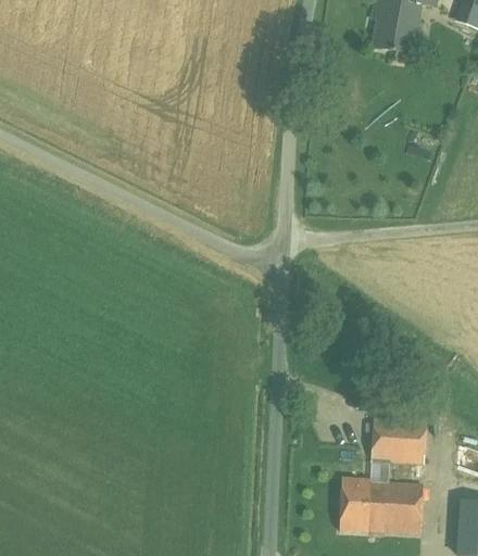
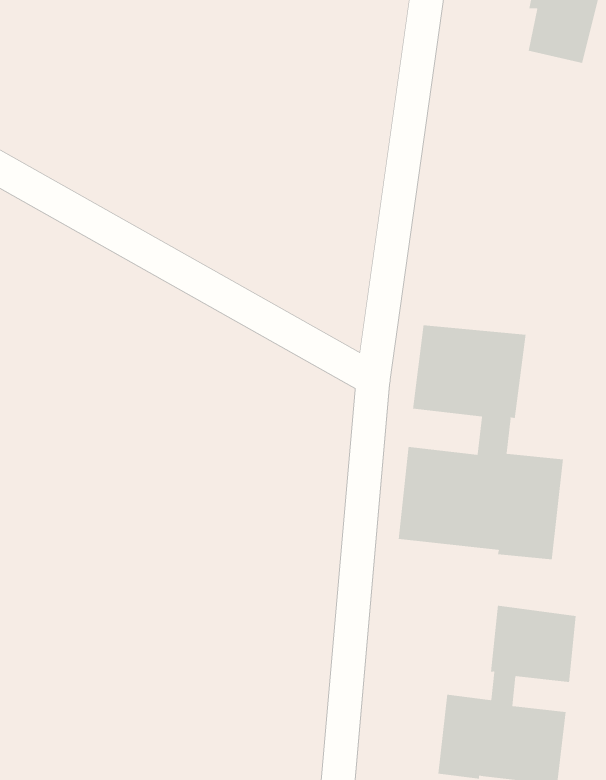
building: none -> [398,325,564,560]

